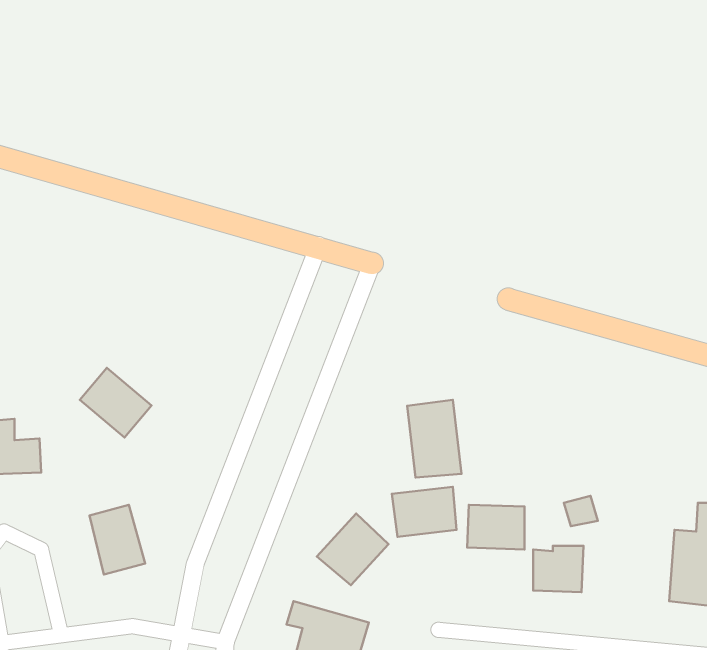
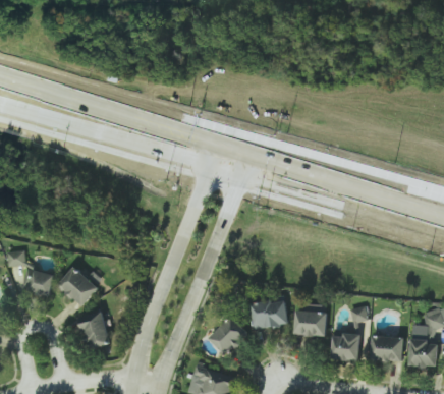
building: [80,368,151,438] -> [58,267,99,306]
building: [407,400,461,477] -> none
building: none -> [370,336,404,362]

